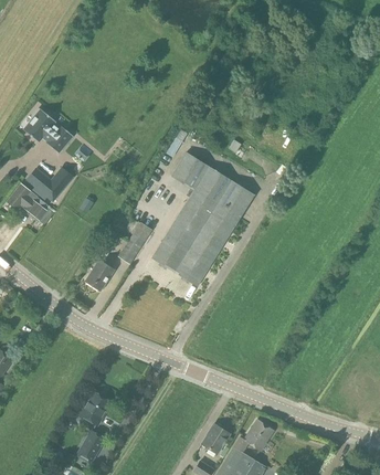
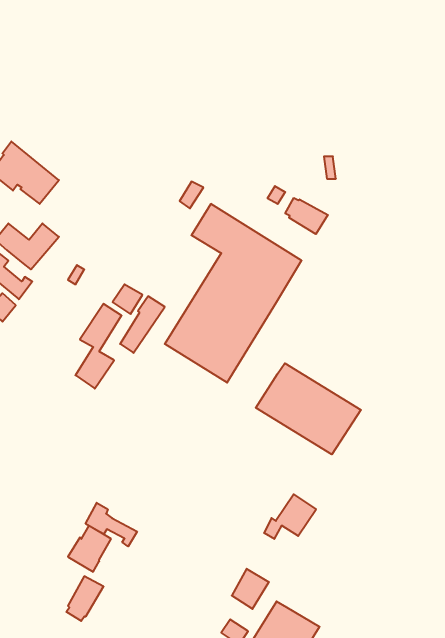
building: none -> [285,198,328,234]
building: none -> [256,363,361,454]
building: none -> [86,503,137,546]
building: [234,419,273,452] -> [264,494,316,539]

